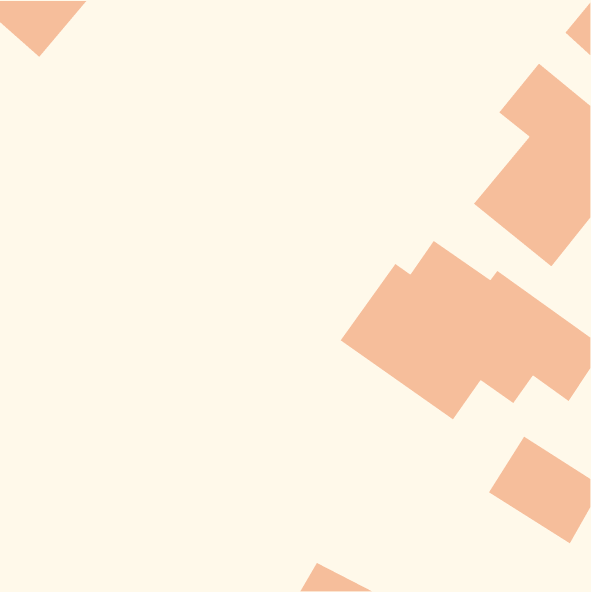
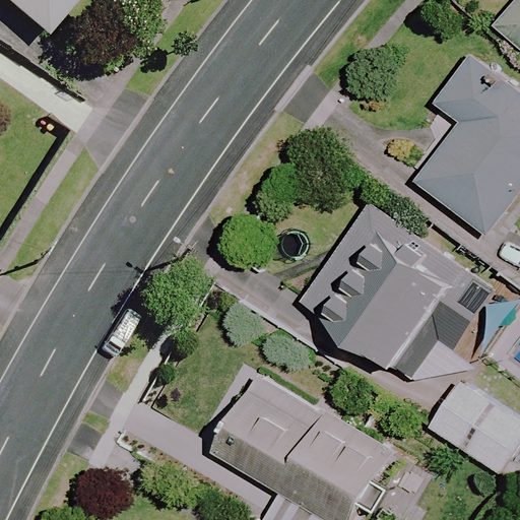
building: none -> [234,376,396,501]

